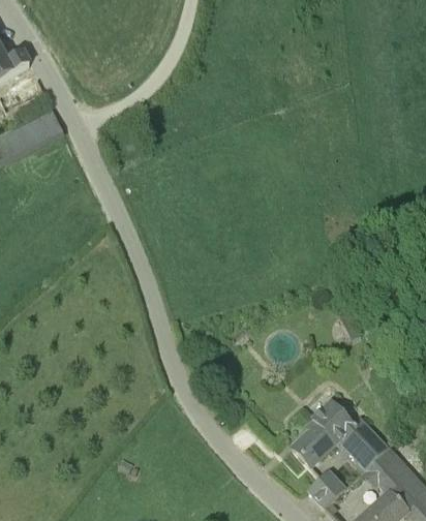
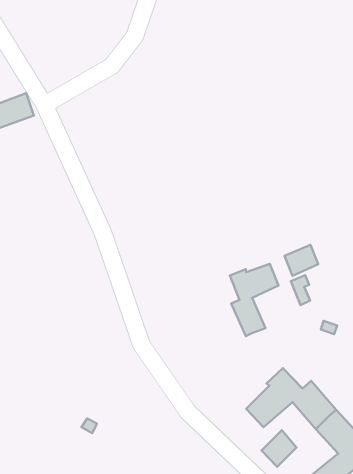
building: none -> [284,245,318,276]
building: none -> [230,264,279,336]

